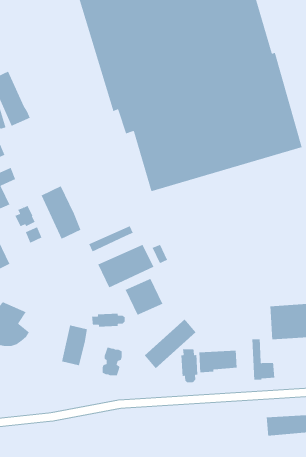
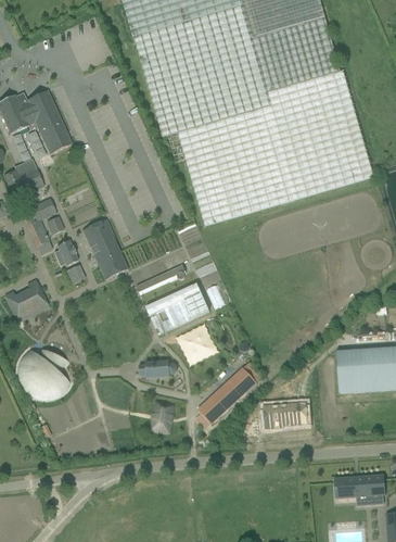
building: [61,325,88,366] -> none
building: [251,339,275,381] -> none
building: [181,349,198,383] -> none

